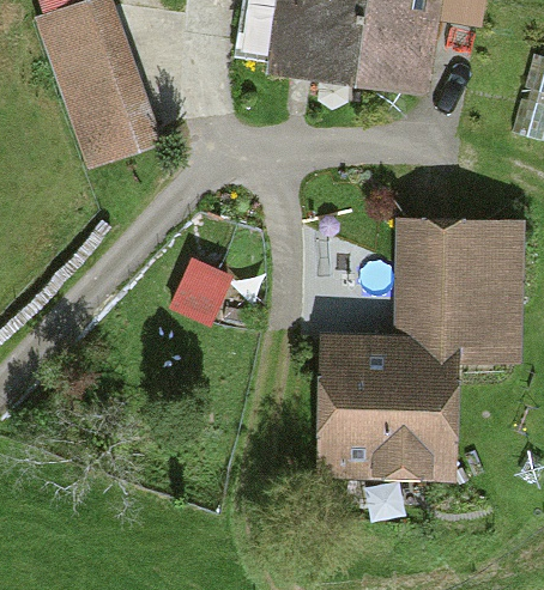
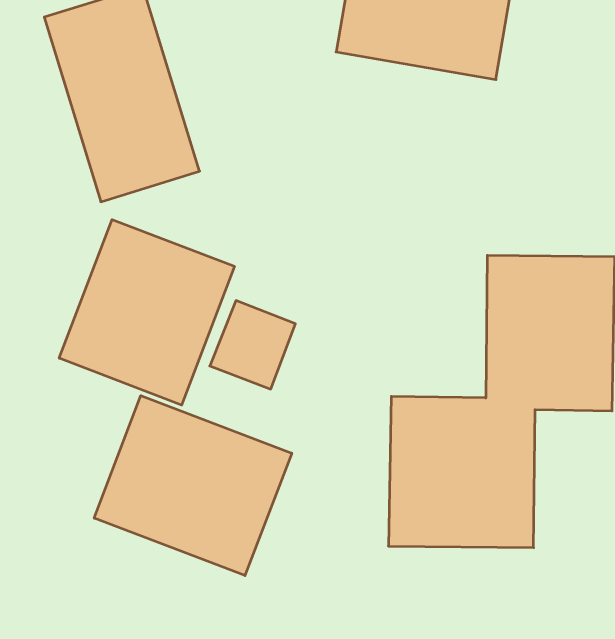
building: none -> [59,220,234,405]
building: none -> [94,396,292,576]

